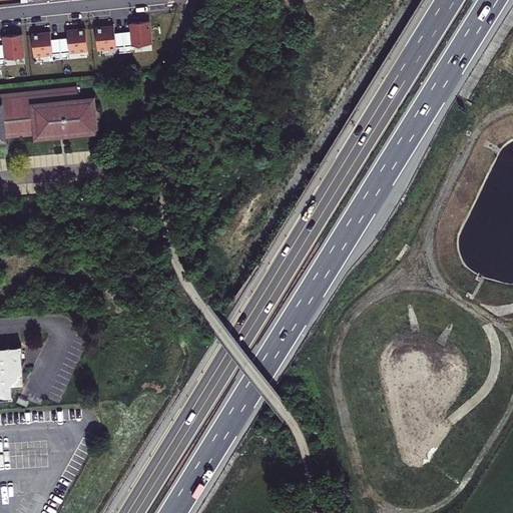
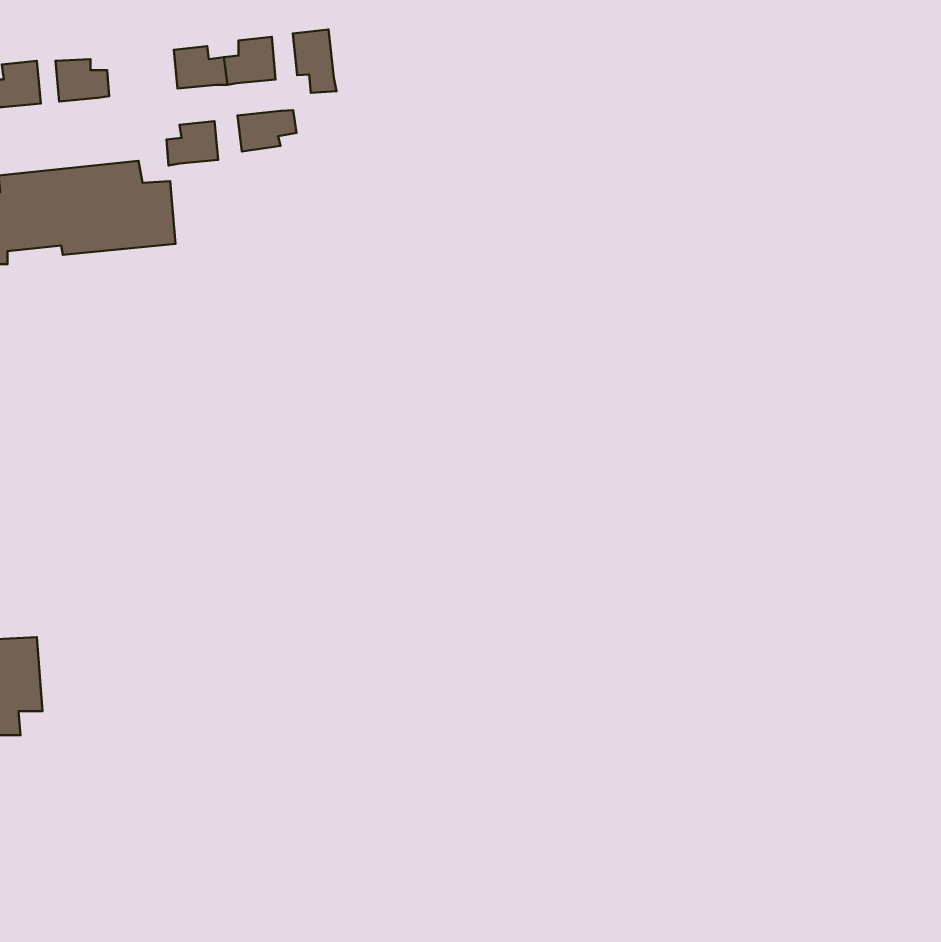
building: none -> [293,29,336,93]
building: [58,29,86,53] -> [167,121,218,165]
building: none -> [238,110,297,151]

